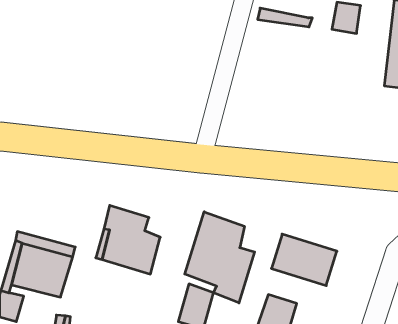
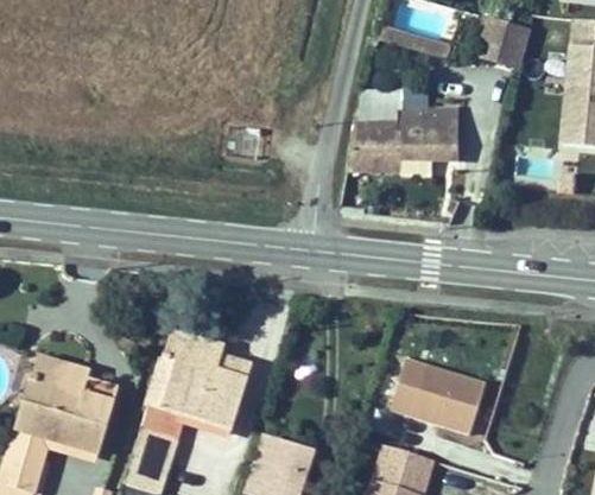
building: none -> [349,100,473,180]
building: [185,212,255,303] -> none
building: none -> [118,418,173,486]

